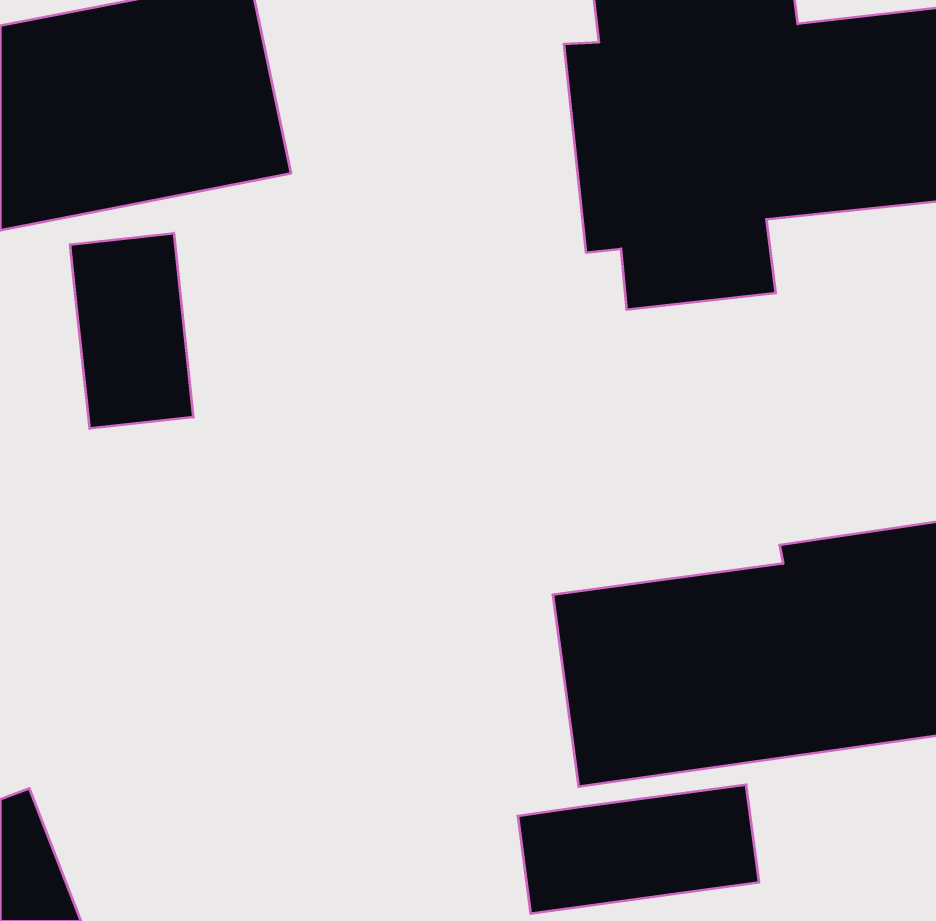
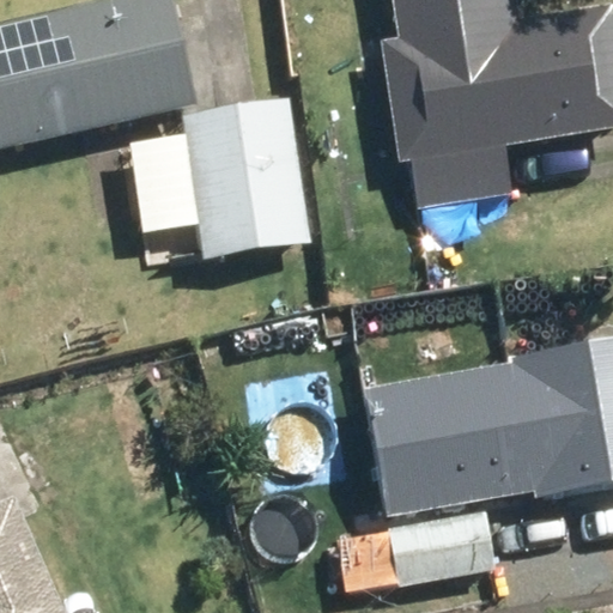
building: none -> [134,105,316,259]
building: [70,233,193,429] -> none

